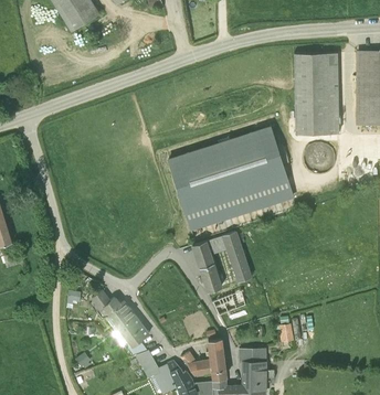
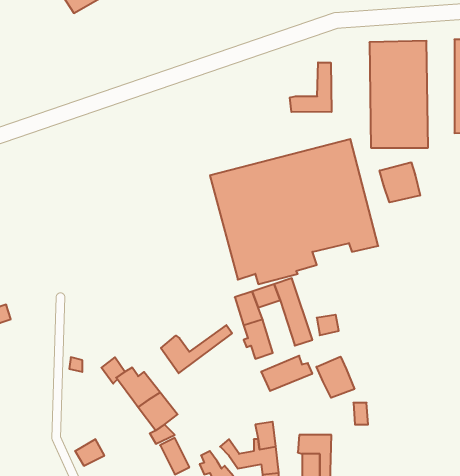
building: none -> [290,62,331,112]
building: none -> [380,162,420,202]
building: none -> [161,325,232,373]
building: none -> [316,357,354,398]

